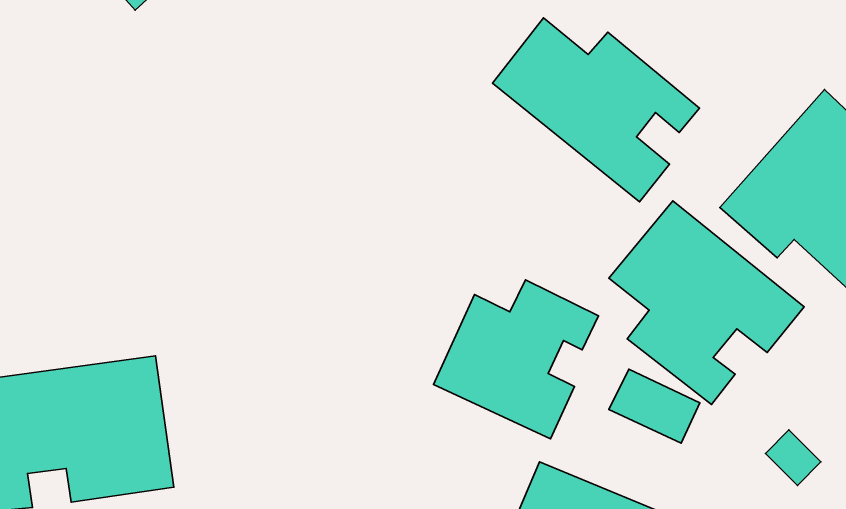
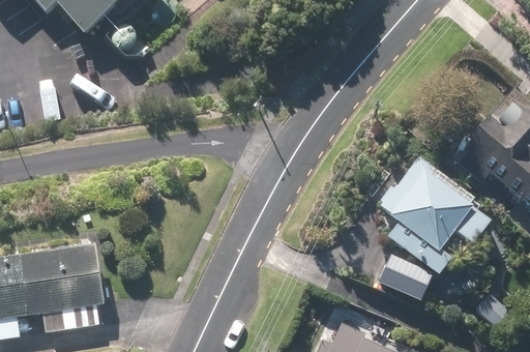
building: [492,18,700,202] -> none
building: [434,280,599,439] -> none

